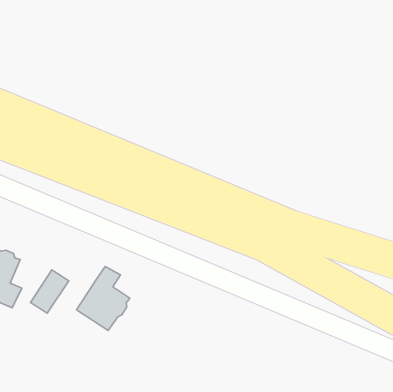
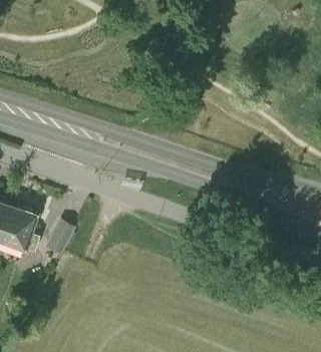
building: [77,266,130,331] -> none

